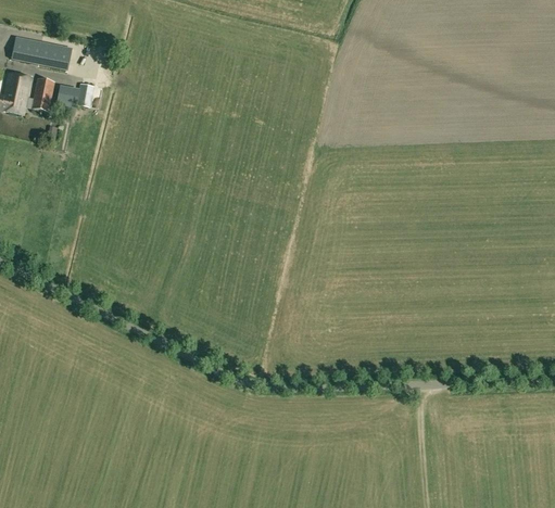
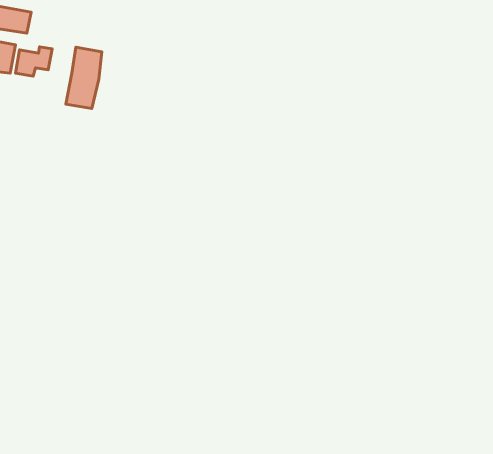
building: none -> [66,47,102,109]

